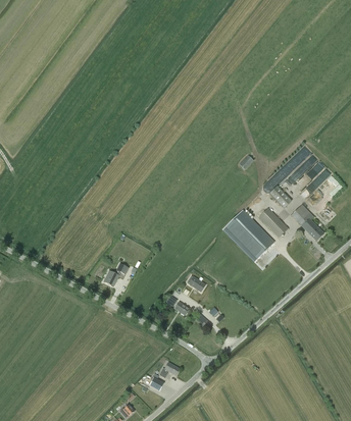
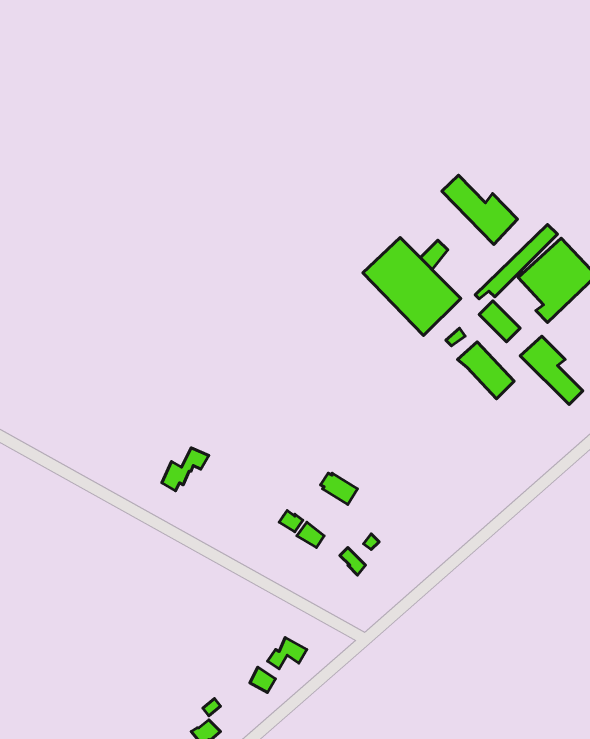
building: none -> [442,175,518,244]
building: [222,210,273,261] -> [363,238,461,336]

